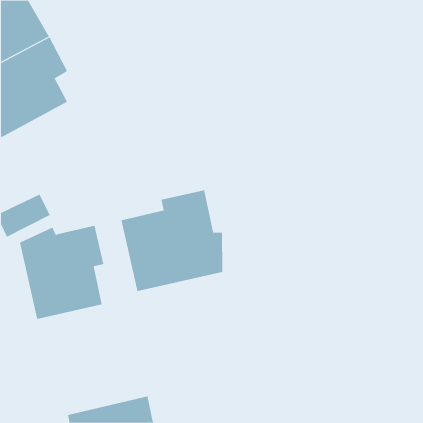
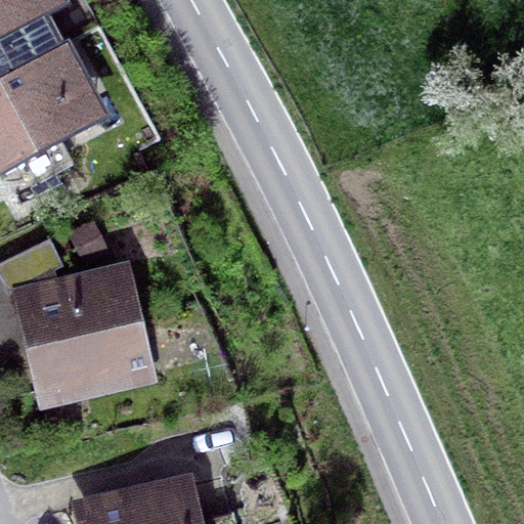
building: [121,190,223,292] -> none

